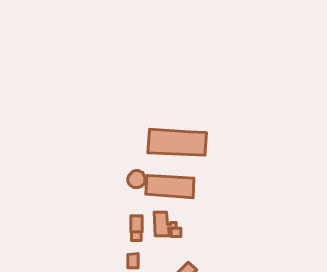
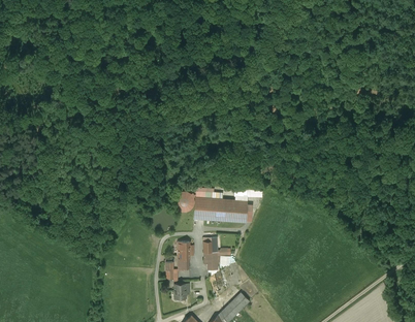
building: [148,129,206,155] -> none

